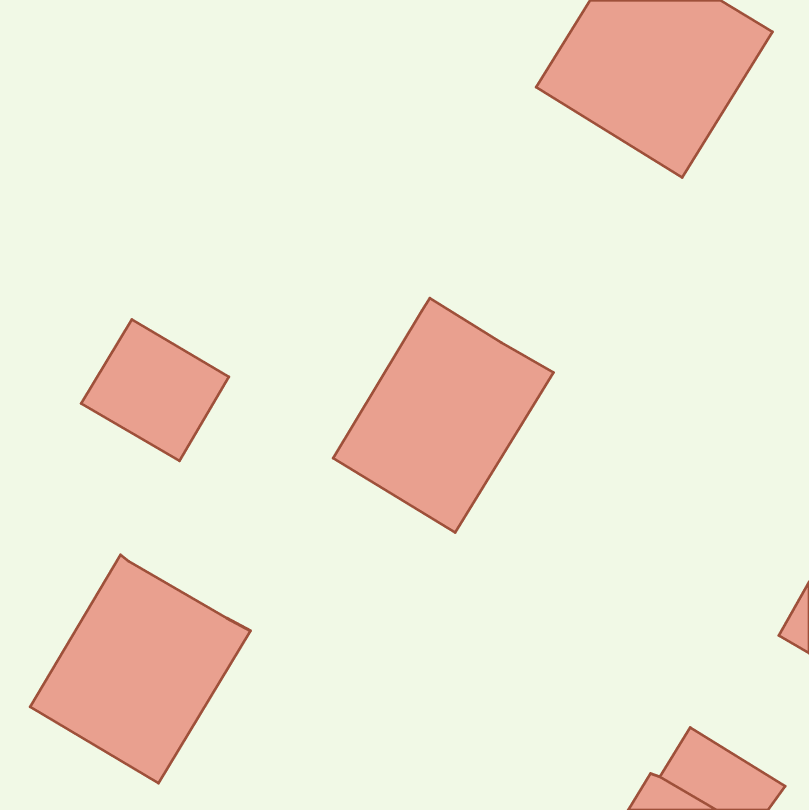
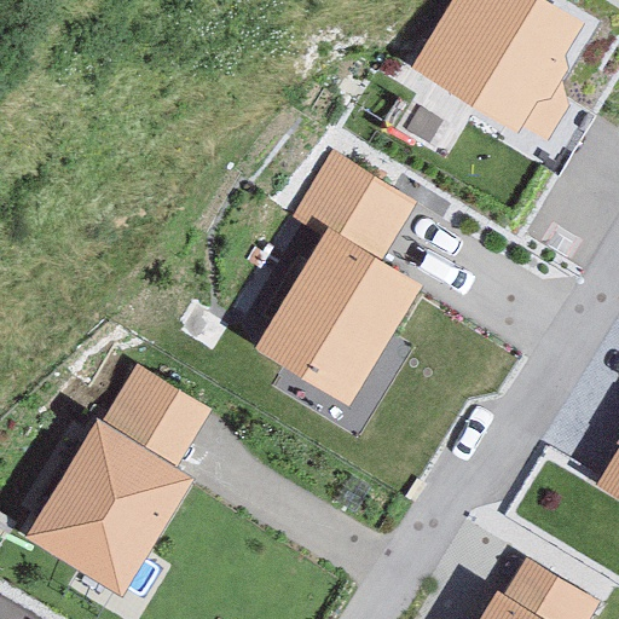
building: none -> [289,147,420,261]
building: [81,320,229,461] -> [98,364,210,472]

